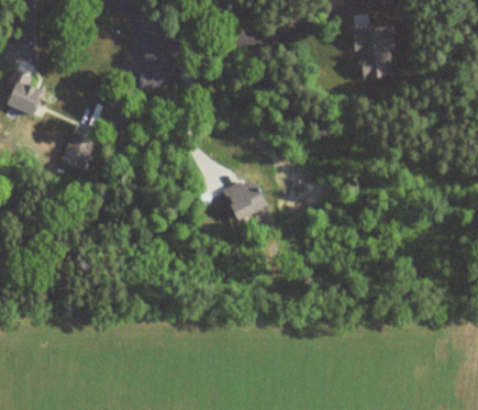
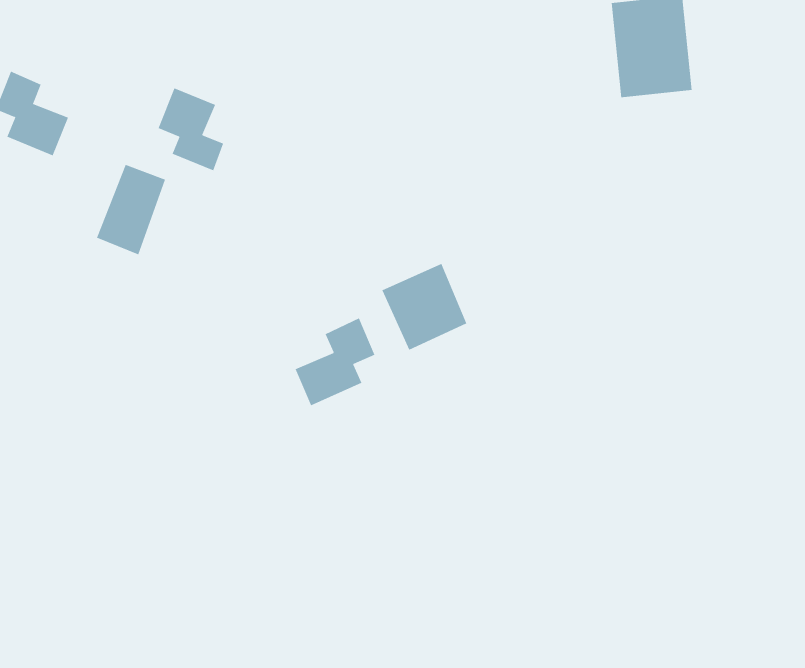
building: none -> [158,87,224,171]
building: none -> [295,318,375,406]

